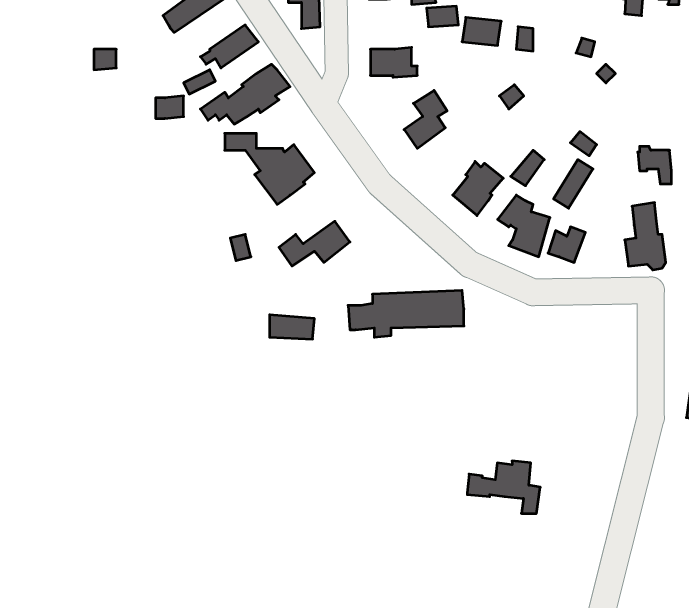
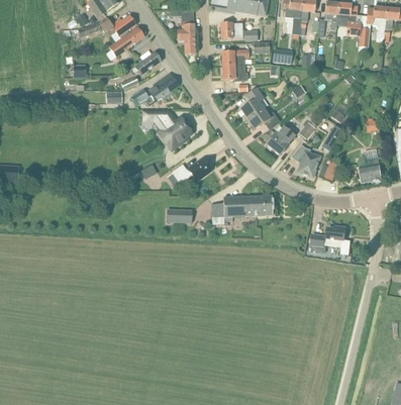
building: none -> [221,48,248,65]
building: none -> [247,107,280,128]
building: [467,461,540,513] -> [311,225,350,254]

